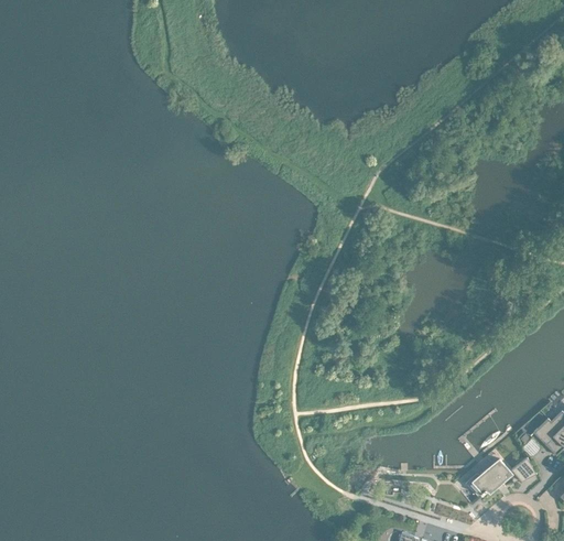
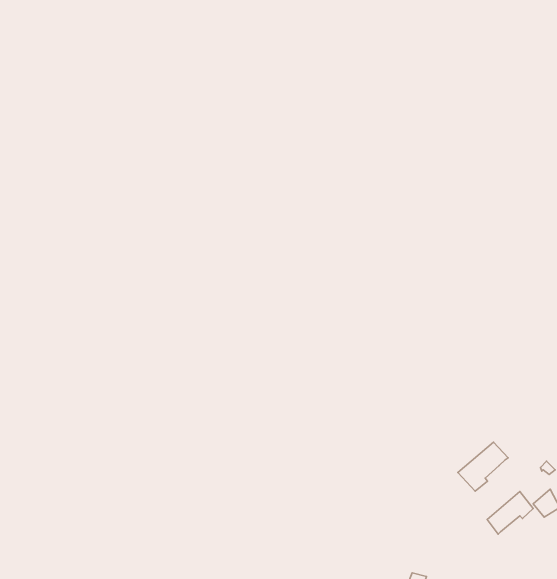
building: none -> [458,442,508,491]

